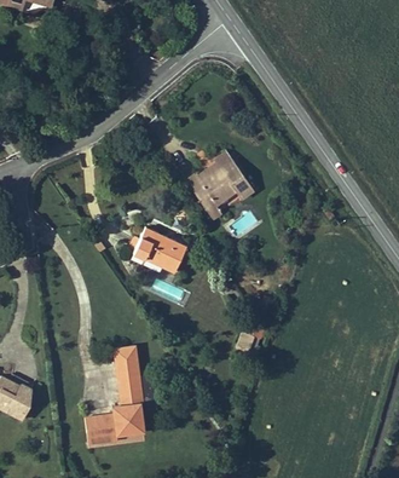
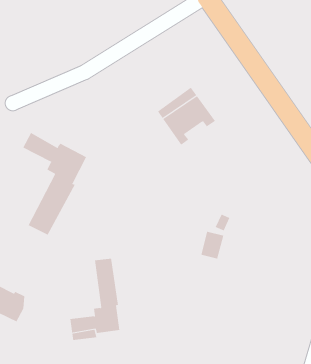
building: none -> [23,132,87,235]
building: [134,228,187,275] -> none

